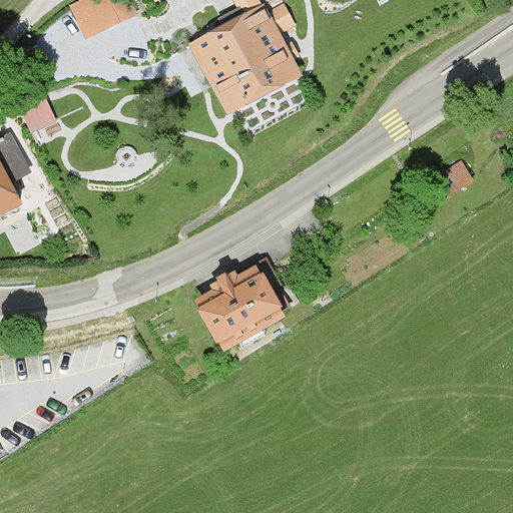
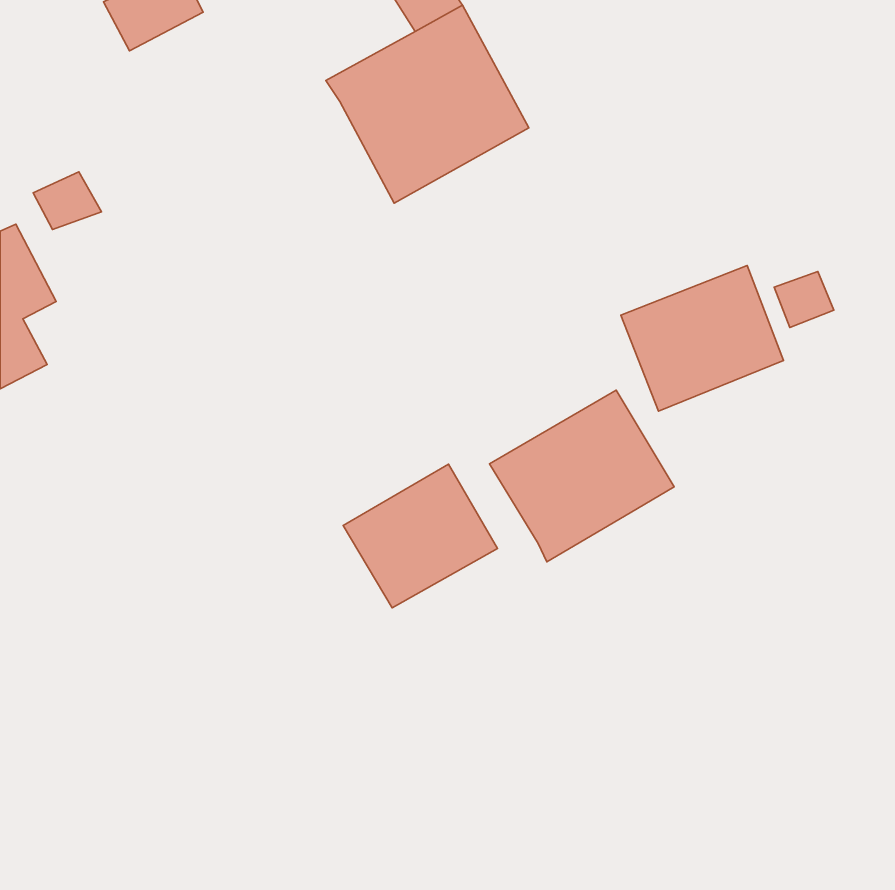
building: none -> [621,266,783,411]
building: none -> [490,390,674,562]

